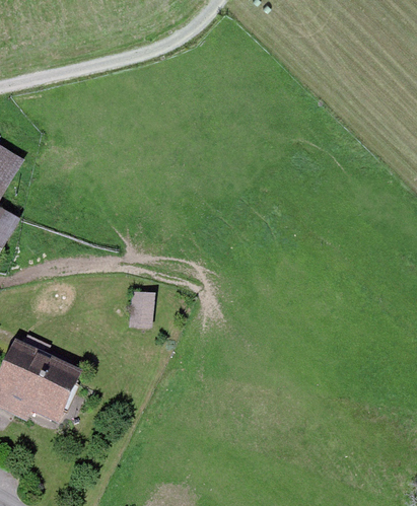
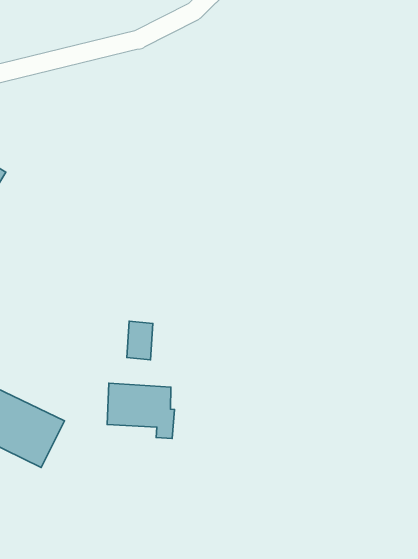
building: none -> [107,383,175,439]

